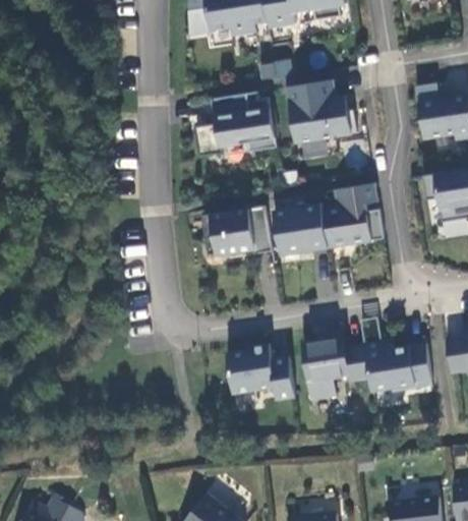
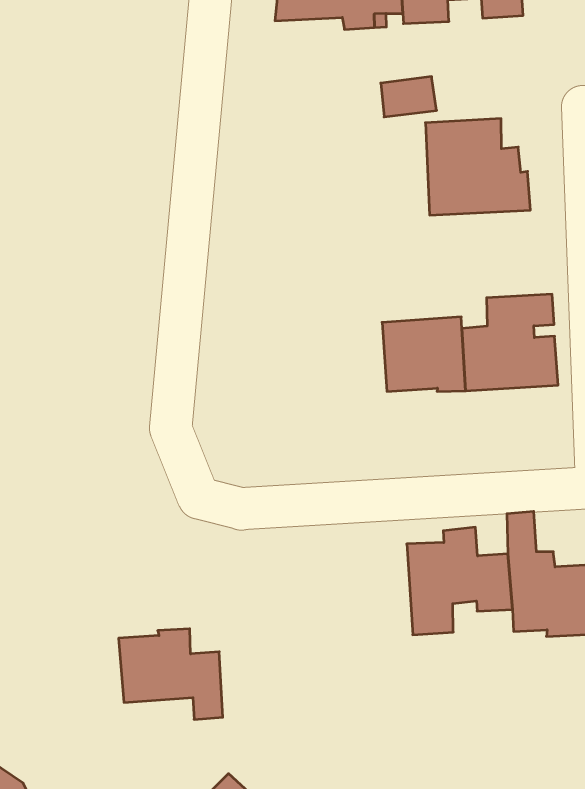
building: [195,92,277,156] -> none
building: [203,206,272,255] -> none
building: [226,344,294,399] -> [119,629,223,719]

